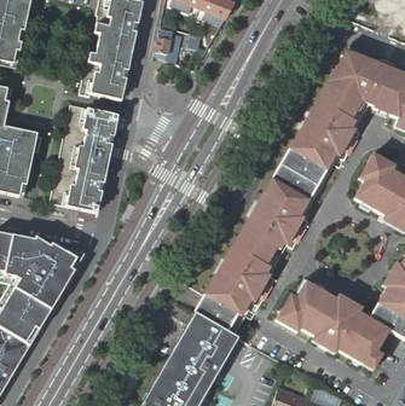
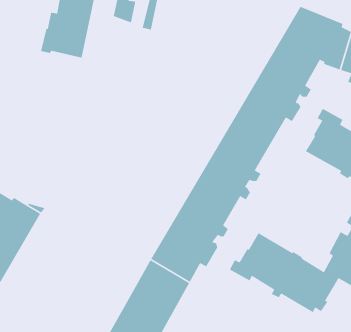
building: [51,104,120,213] -> none

